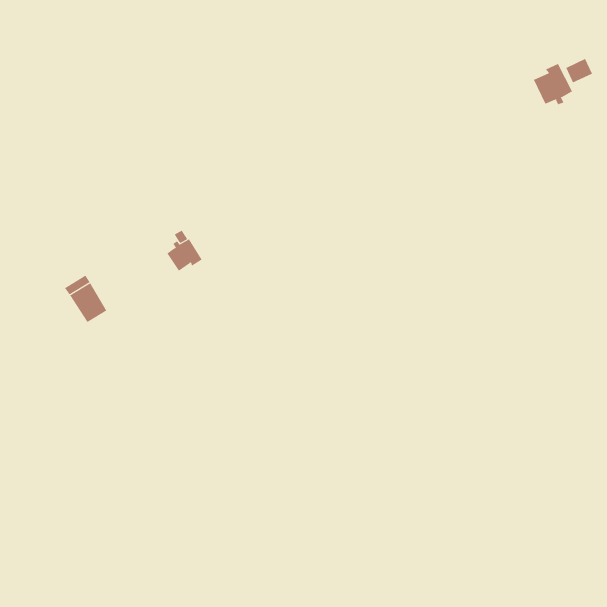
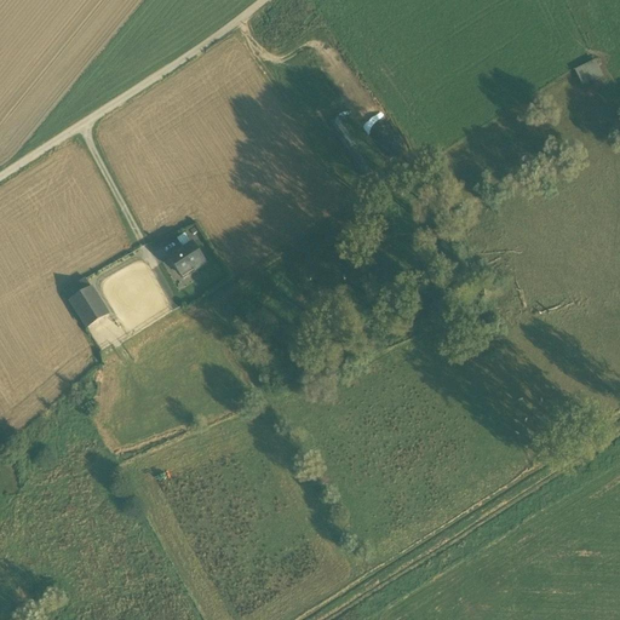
building: [533,63,573,105] -> none

